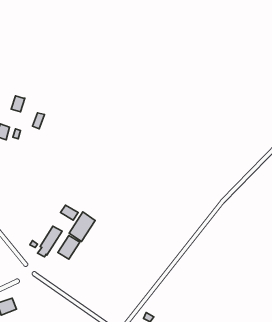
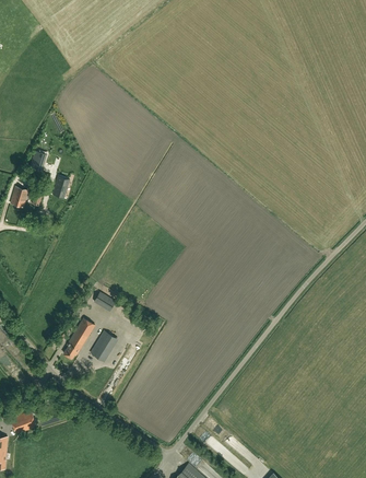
building: [69,212,95,241] -> none

